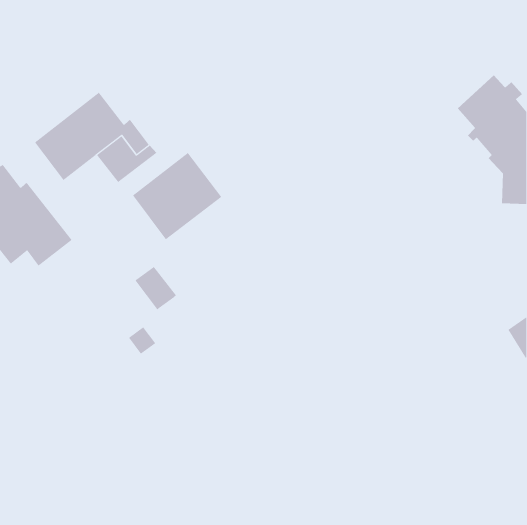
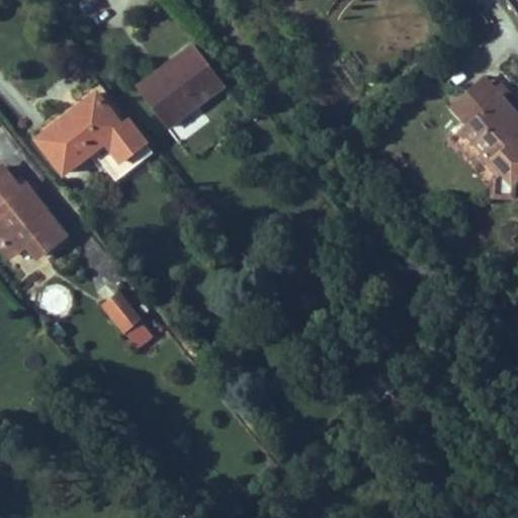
building: [132,152,222,240] -> [137,42,225,128]
building: [134,266,177,311] -> [101,289,143,333]

